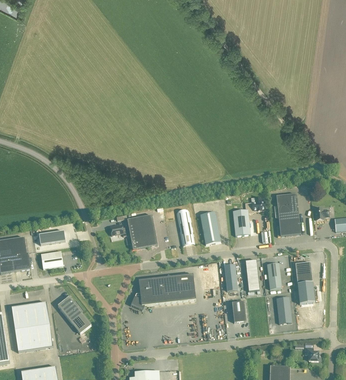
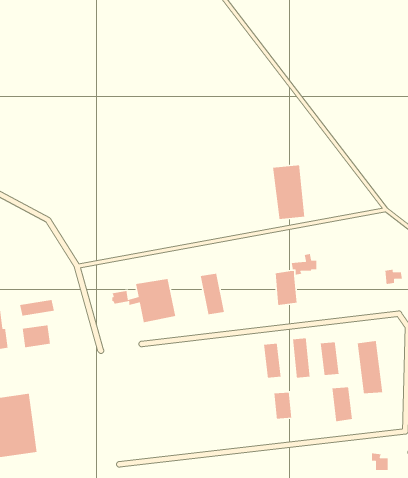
building: [275,193,300,235] -> [272,165,305,220]
building: [199,211,220,243] -> none
building: [130,274,195,309] -> none
building: [57,295,90,332] -> none

